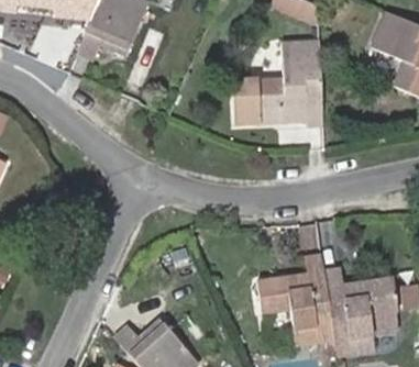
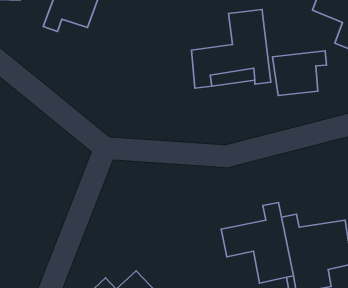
building: none -> [273,51,327,95]

